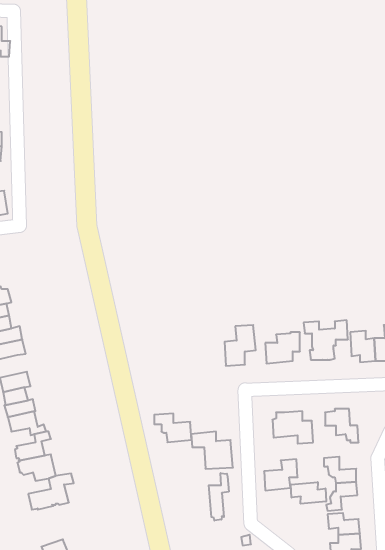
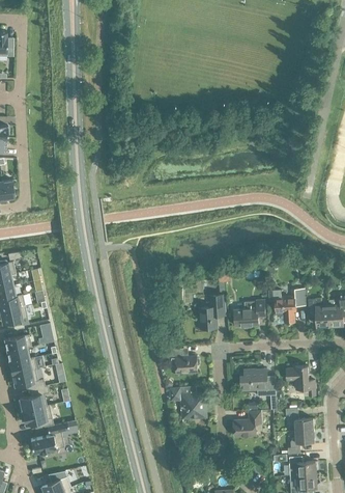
building: [154,414,191,442] -> [166,349,198,374]
building: [209,473,229,521] -> none
building: [291,482,326,504] -> none

